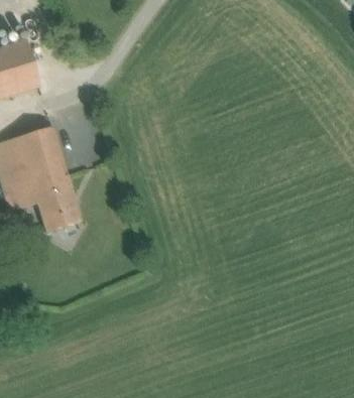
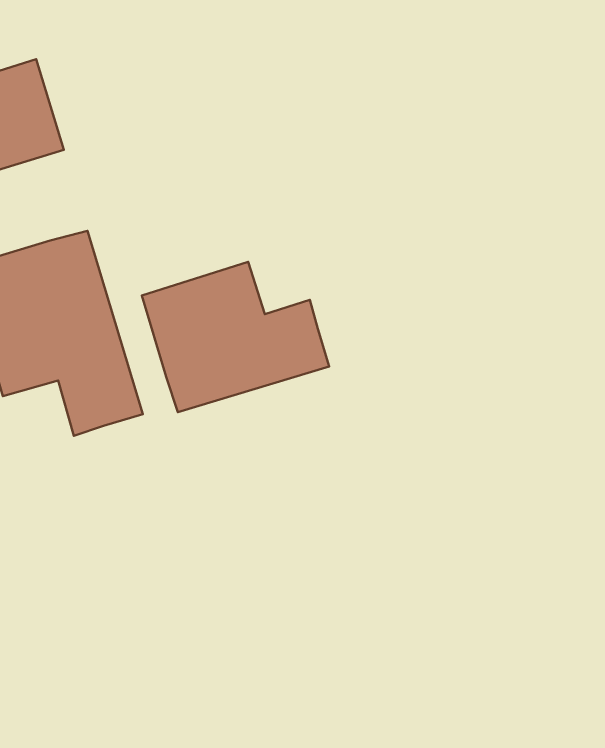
building: none -> [142,262,329,412]

